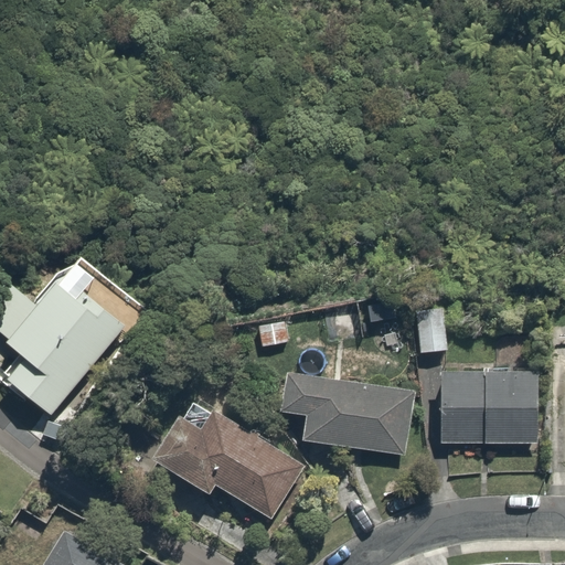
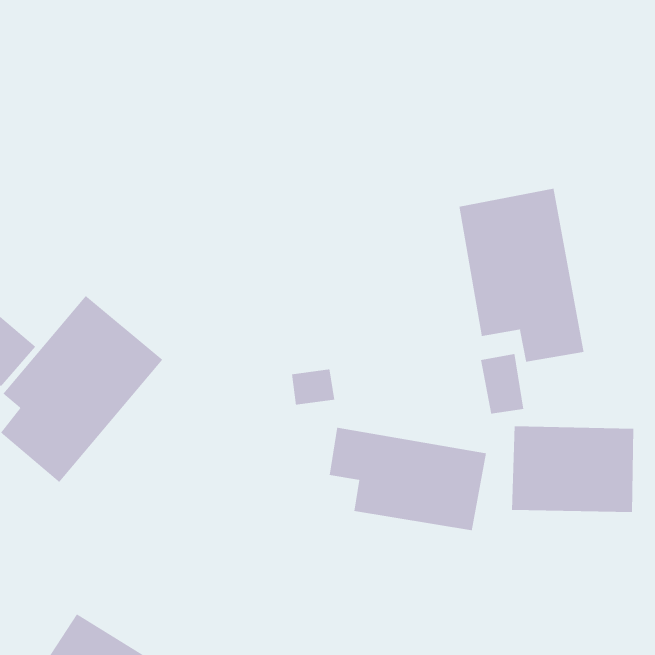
building: none -> [459,188,584,363]
building: [145,405,303,520] -> none

